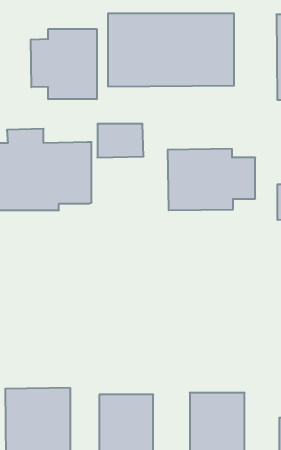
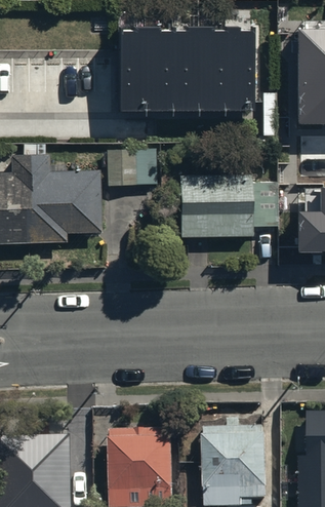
building: [31,29,97,99] -> none

